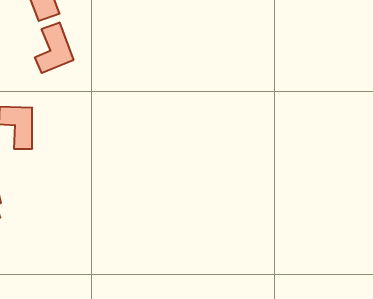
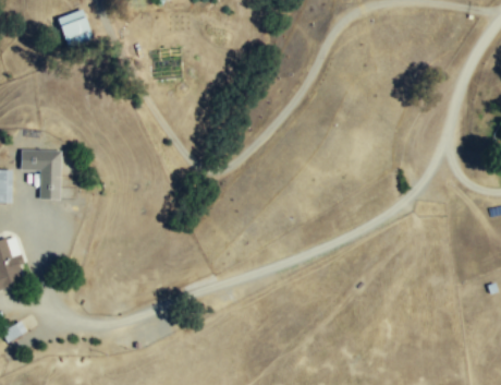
building: [35,22,73,73] -> none

